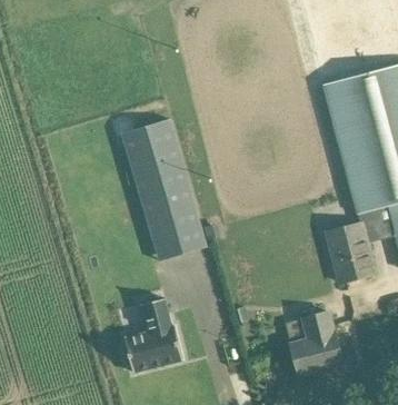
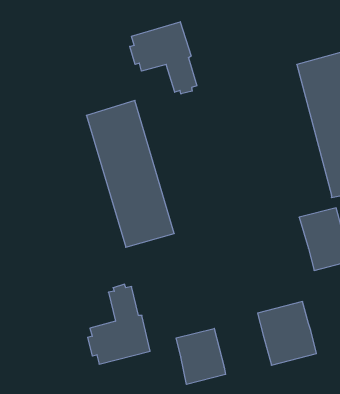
building: none -> [130,22,197,94]
building: none -> [176,328,226,384]

